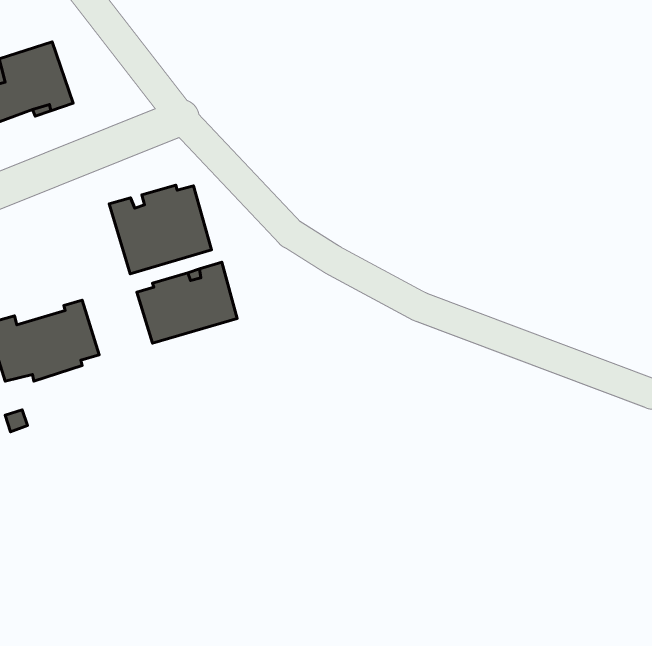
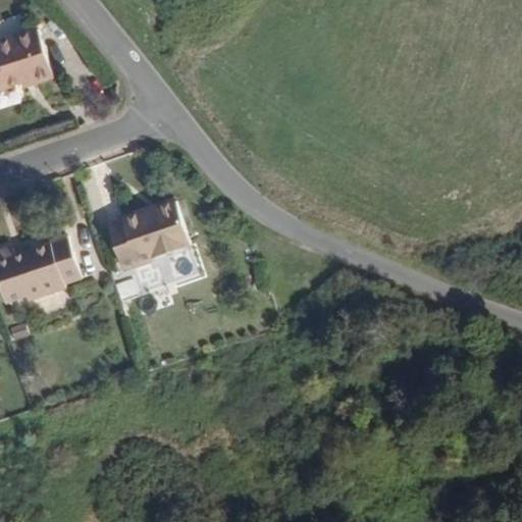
building: [109,185,211,274] -> none

